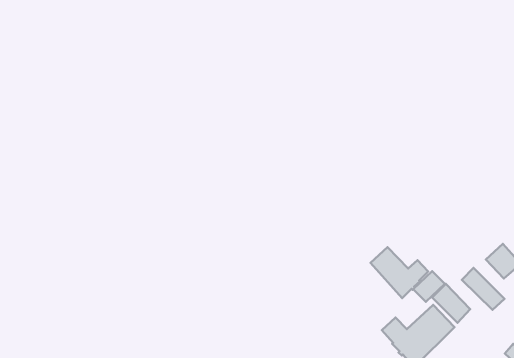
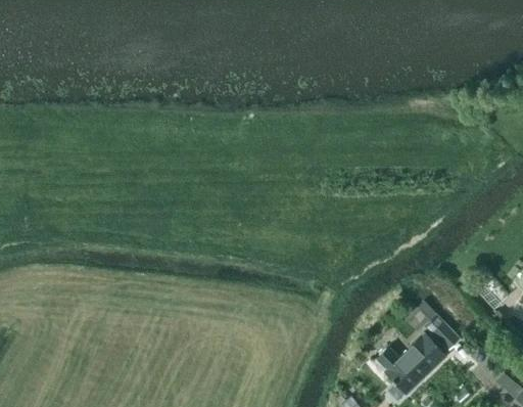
building: [371,247,428,298] -> none
building: [462,268,505,310] -> none

